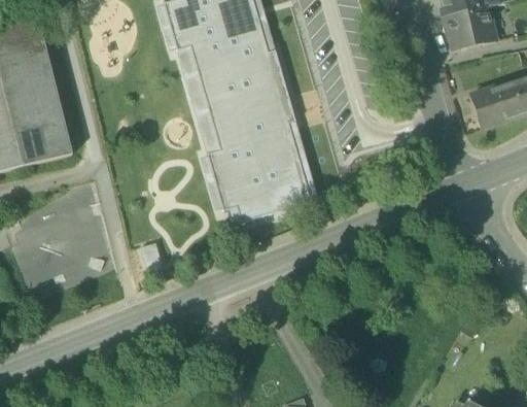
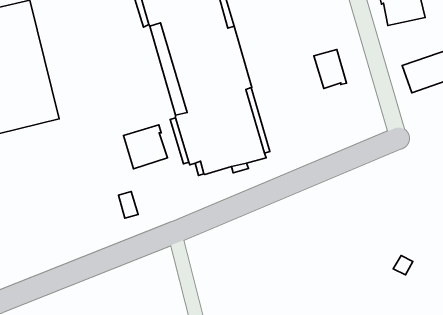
building: none -> [314,49,346,88]
building: none -> [124,125,167,169]

